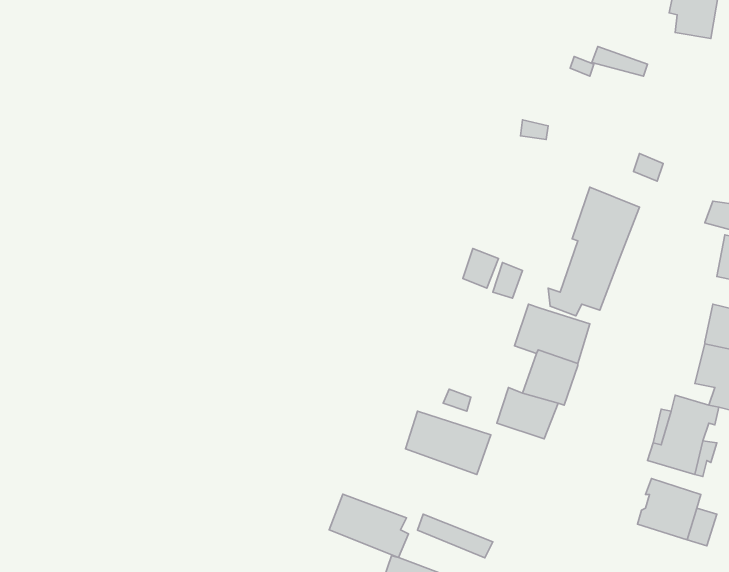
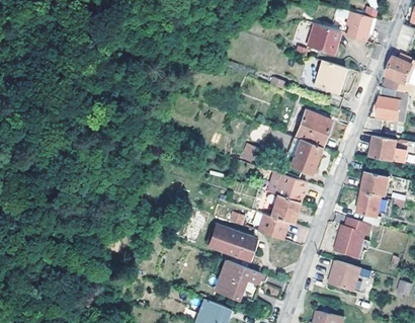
building: none -> [309,23,338,49]
building: none -> [316,62,344,93]
building: [329,494,408,557] -> [220,260,260,293]

